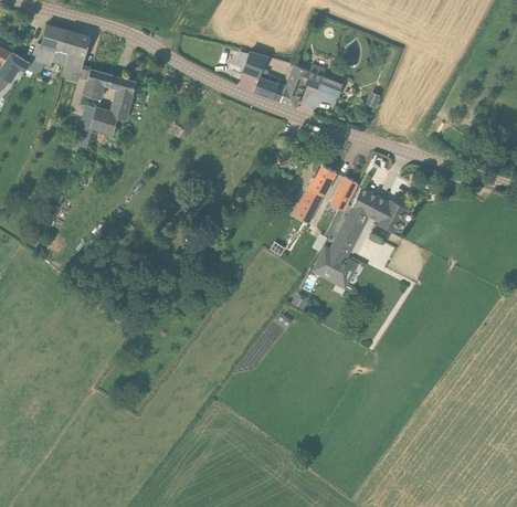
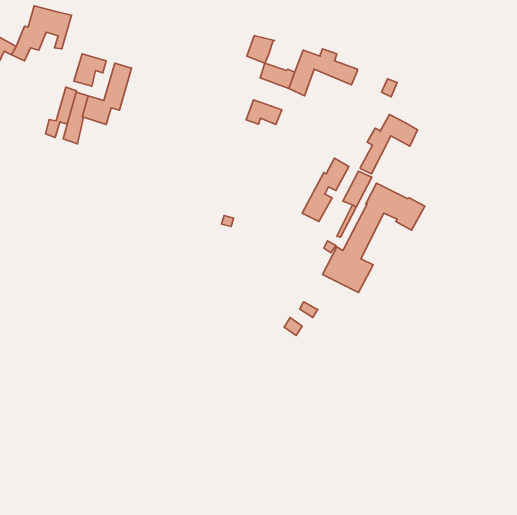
building: [62,33,91,80] -> [45,87,77,137]
building: none -> [246,100,282,125]
building: none -> [360,115,417,174]

